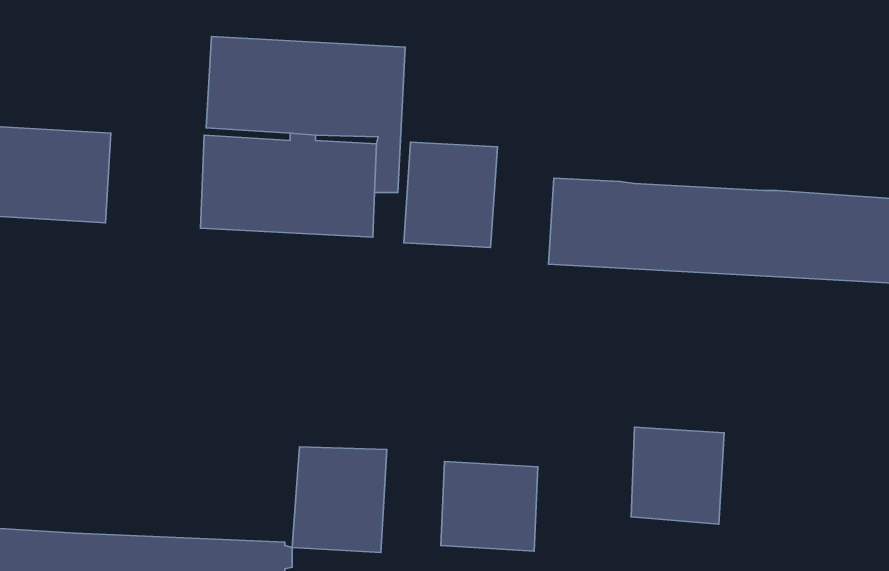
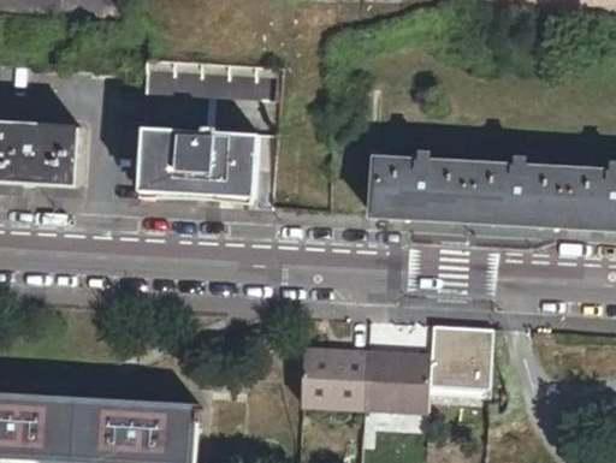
building: [404,142,497,248] -> none
building: [292,447,387,552] -> none
building: none -> [362,351,428,411]

